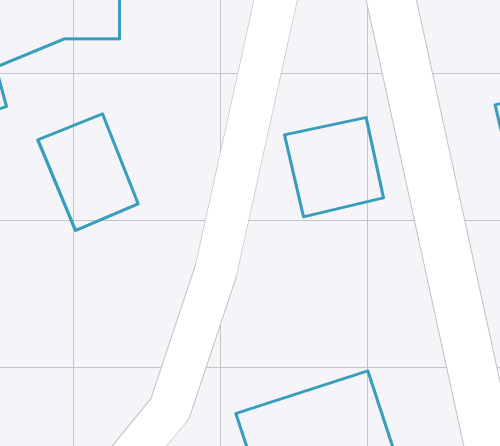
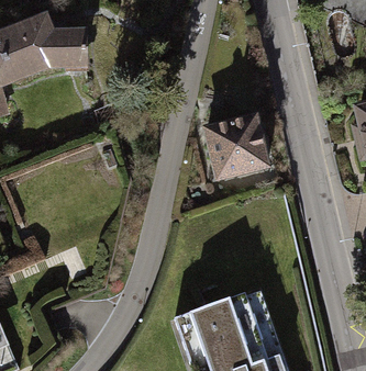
building: [38,114,138,231] -> none

